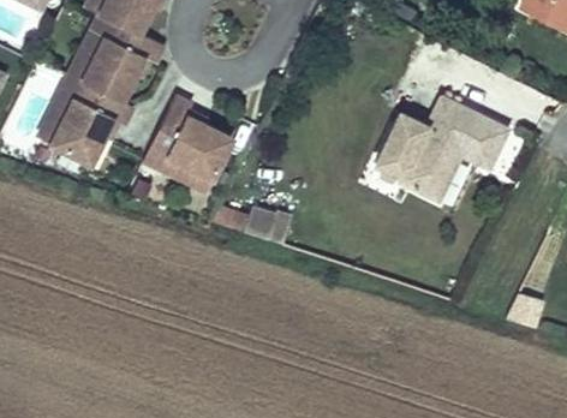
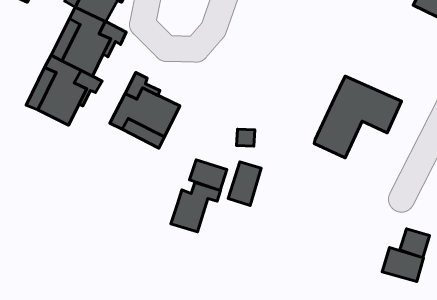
building: [374,115,424,179] -> none
building: none -> [228,162,261,205]
building: none -> [171,182,221,232]
building: none -> [382,247,424,282]

